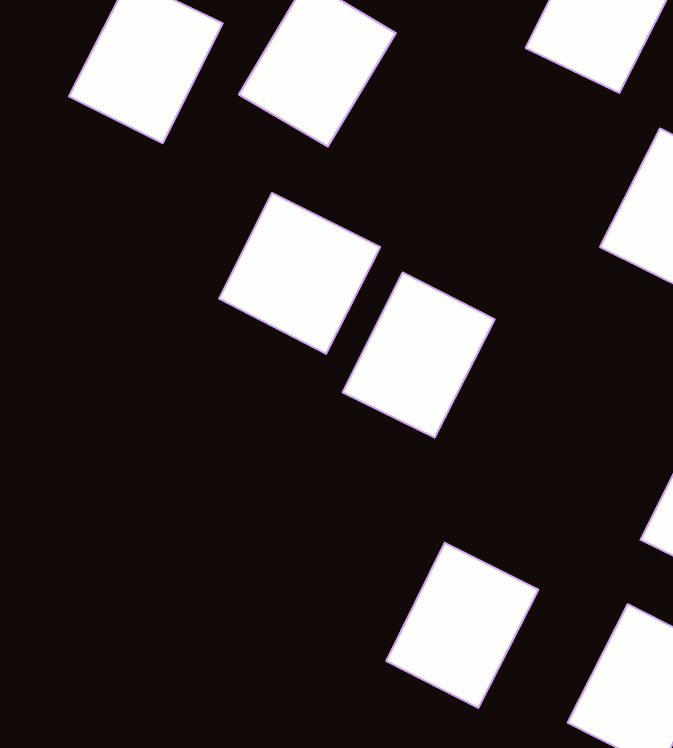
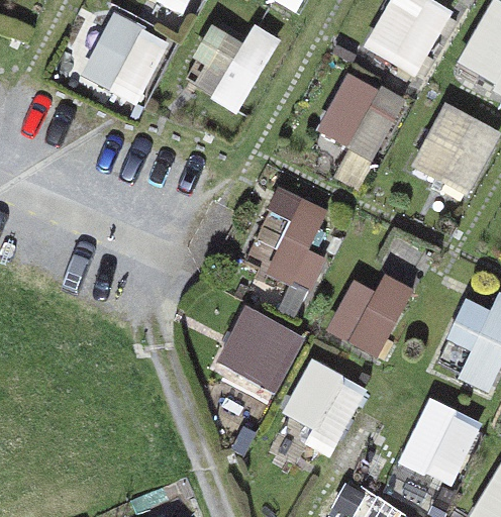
building: none -> [312,68,407,171]
building: [219,193,380,354] -> none
building: none -> [321,248,416,351]
building: none -> [207,297,302,400]

